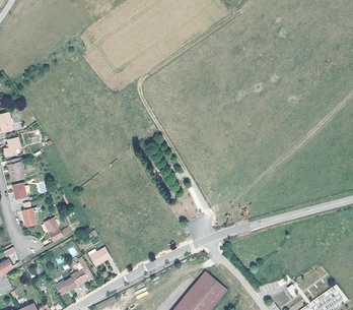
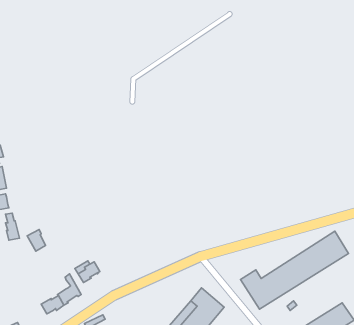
building: none -> [240,231,349,309]

